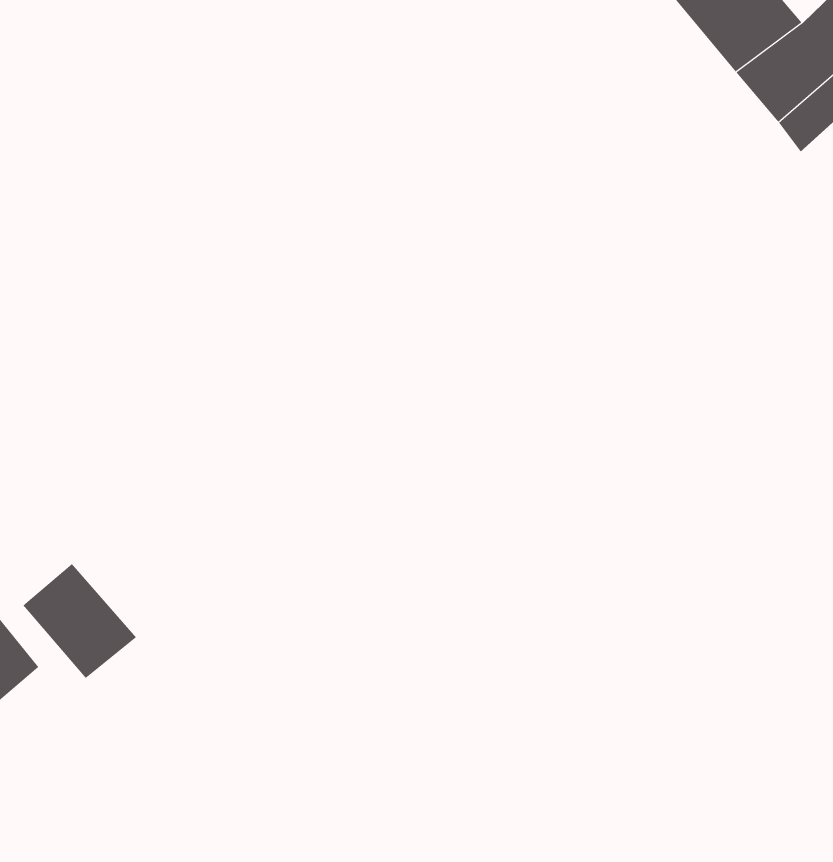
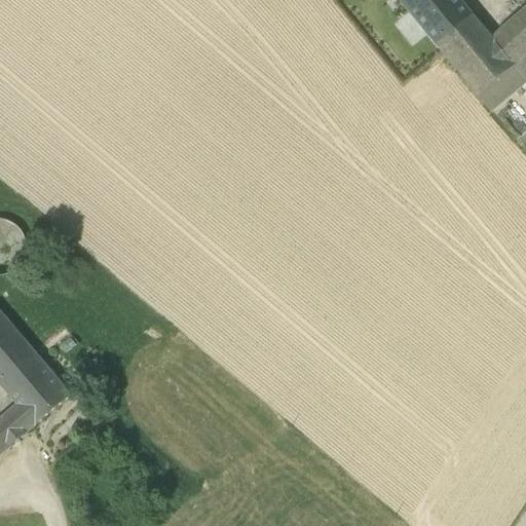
building: [23,563,137,679] -> none

